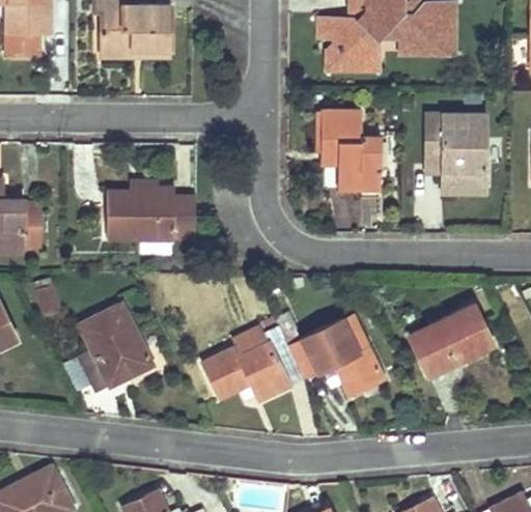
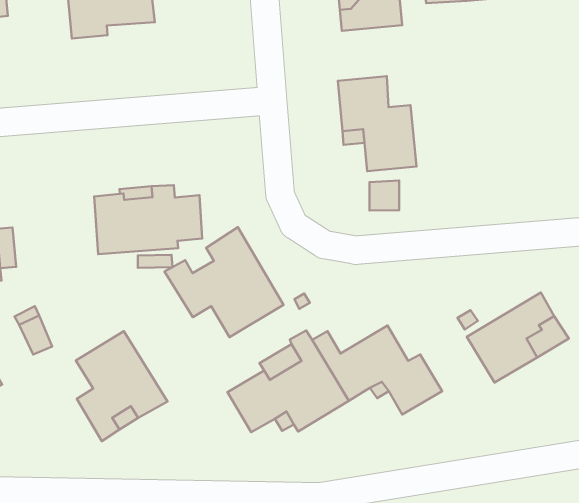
building: [424,114,487,193] -> none
building: none -> [165,227,283,337]

